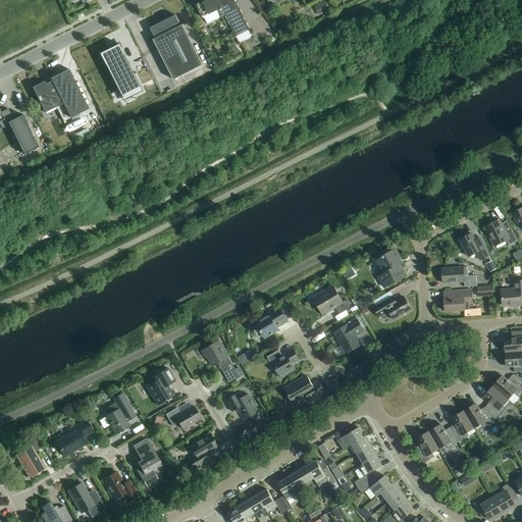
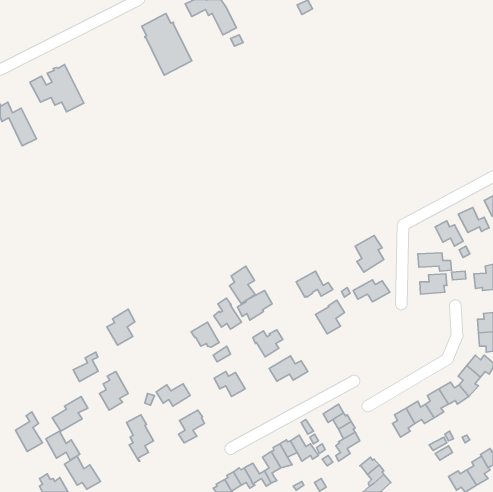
building: [99,44,142,99] -> none
building: none -> [229,266,255,303]
building: none -> [214,298,242,329]
building: [146,367,175,405] -> [107,309,135,345]
building: none -> [73,352,98,382]
building: [102,471,138,502] -> [46,431,80,460]
building: [358,475,392,499] -> none

